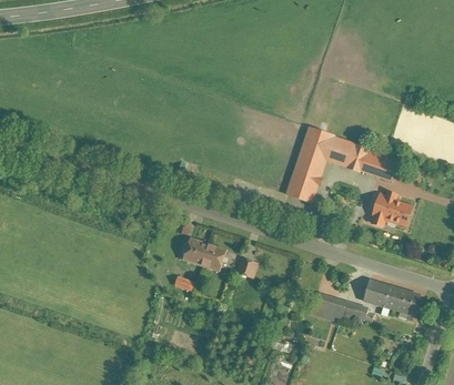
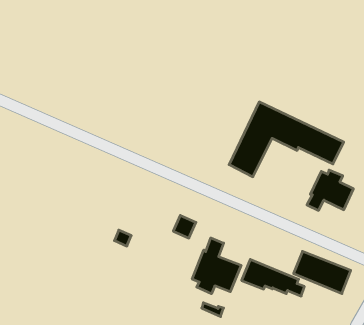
building: [180,231,228,266] -> none
building: none -> [192,238,241,294]

